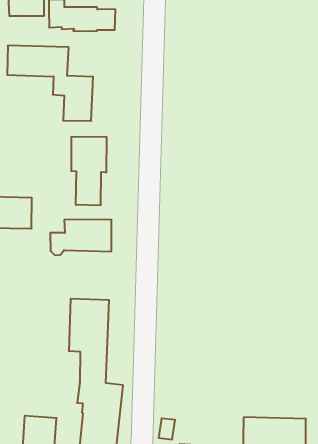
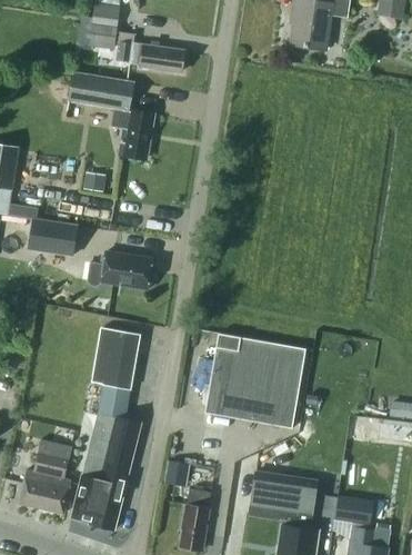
building: [71,137,106,205] -> none
building: none -> [204,333,305,428]

